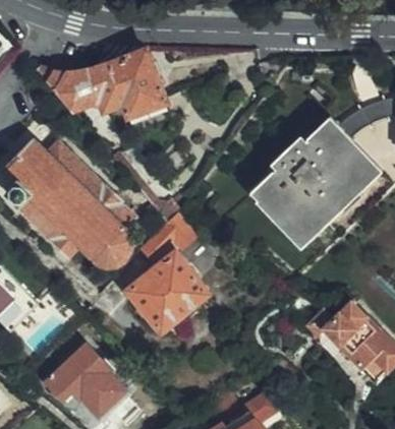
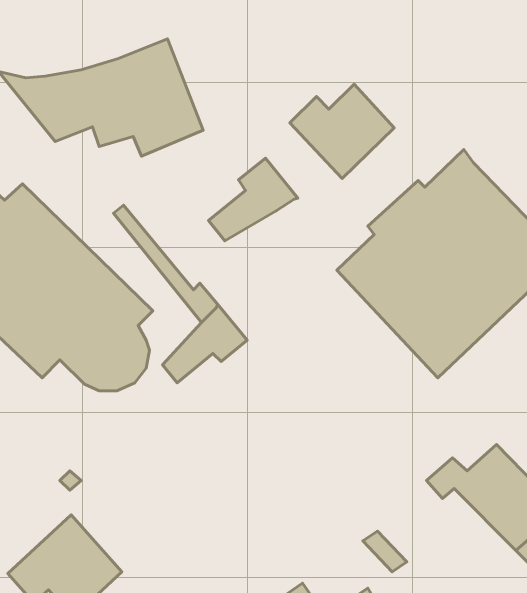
building: none -> [290,84,394,179]
building: none -> [209,158,298,241]
building: [128,255,207,330] -> none

